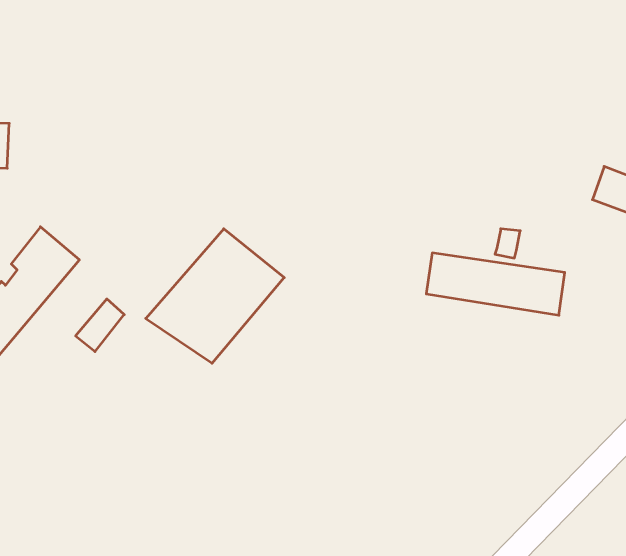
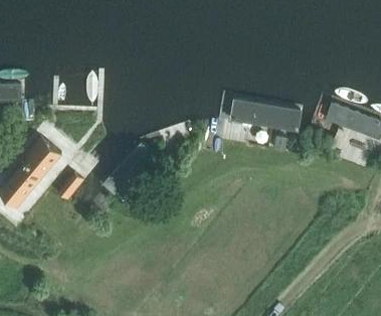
building: [426,253,565,315] -> [230,100,302,132]

